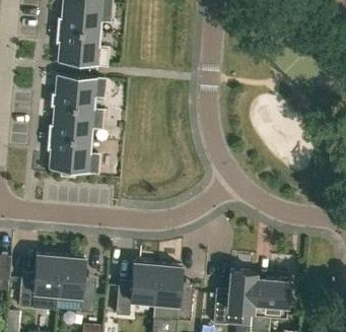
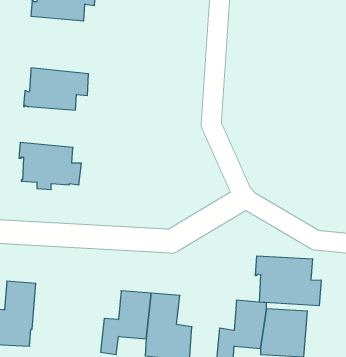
building: [56,30,109,66] -> none
building: [48,107,103,141] -> none
building: none -> [255,256,321,306]
building: [58,256,95,313] -> none

